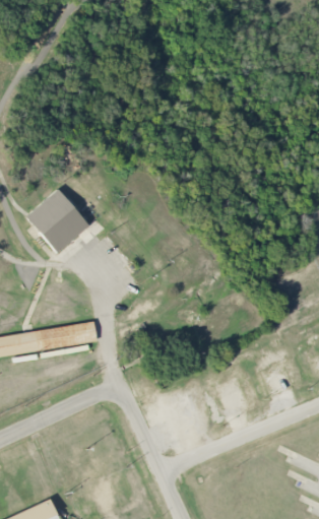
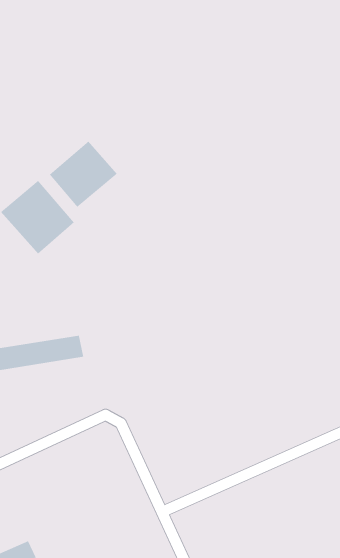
building: none -> [49,140,118,208]

